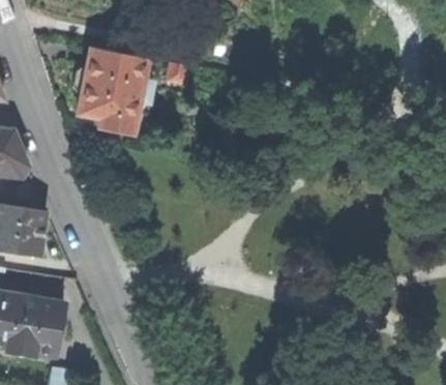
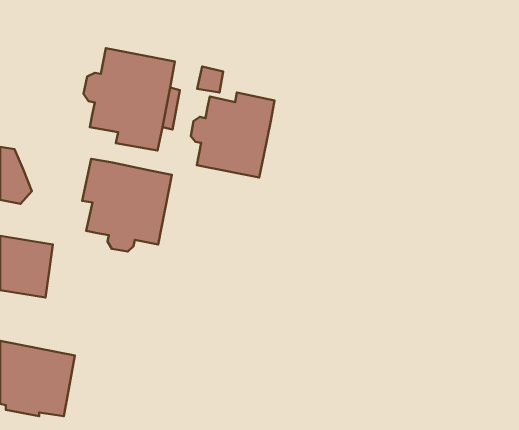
building: none -> [191,92,275,178]
building: none -> [82,159,172,252]

